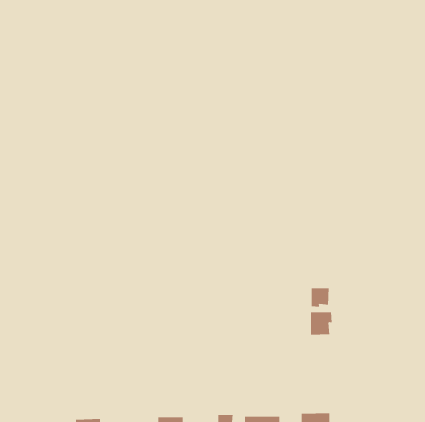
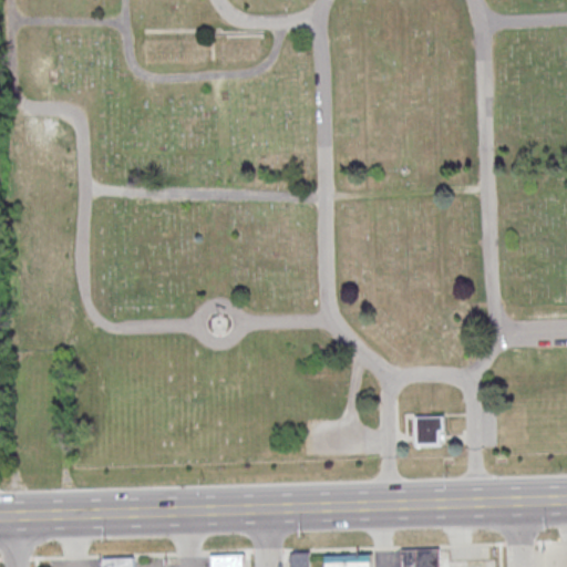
building: [311,287,329,308] -> none

